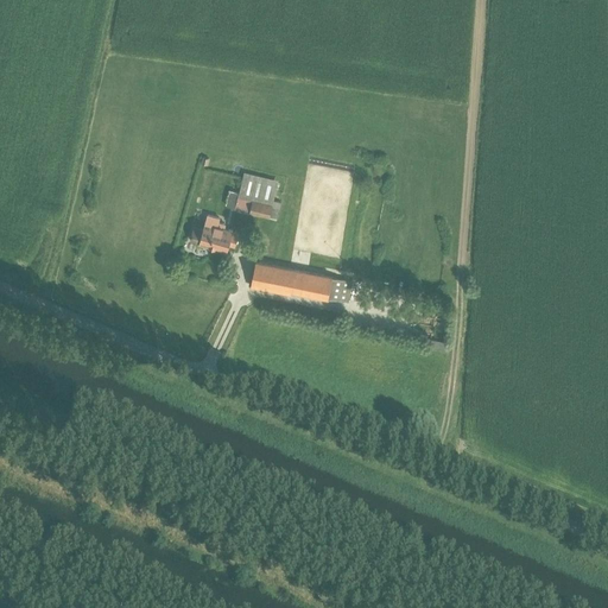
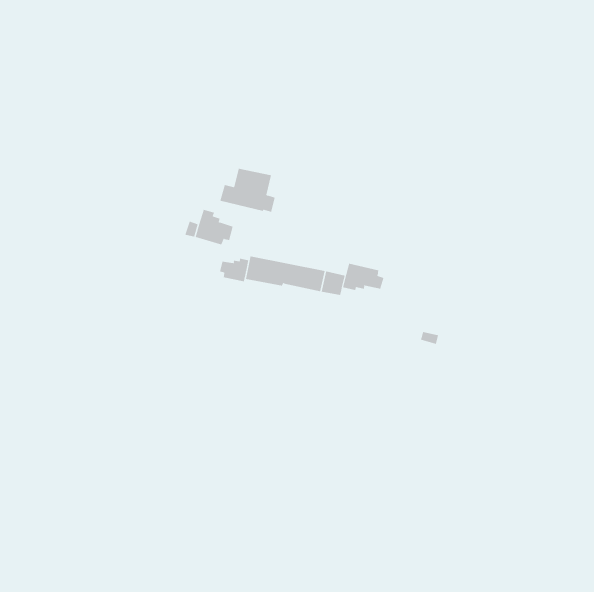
building: none -> [219,258,249,282]
building: none -> [343,263,384,291]

